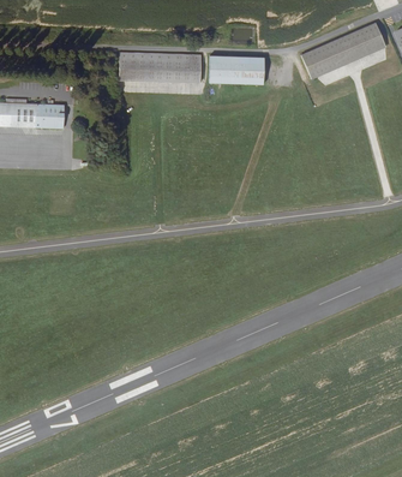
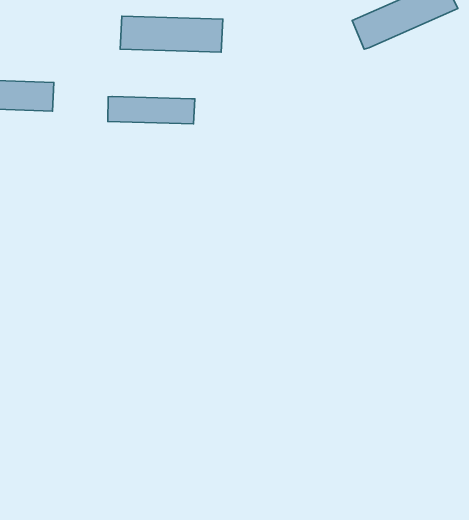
building: [208,55,262,83] -> none
building: none -> [108,97,195,124]

